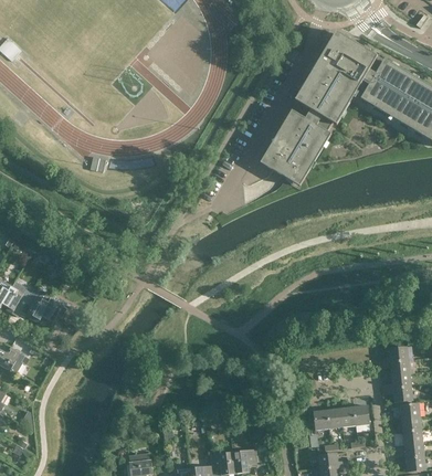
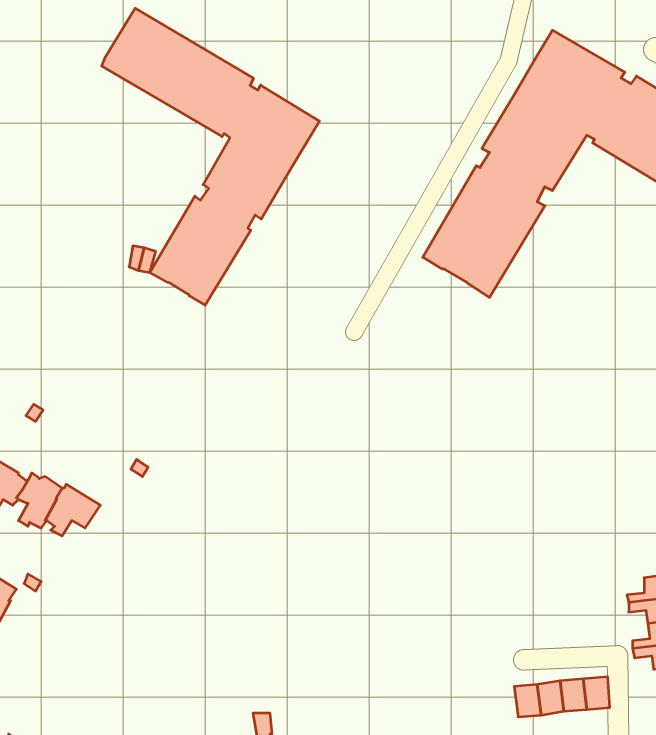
building: none -> [102,8,319,305]

